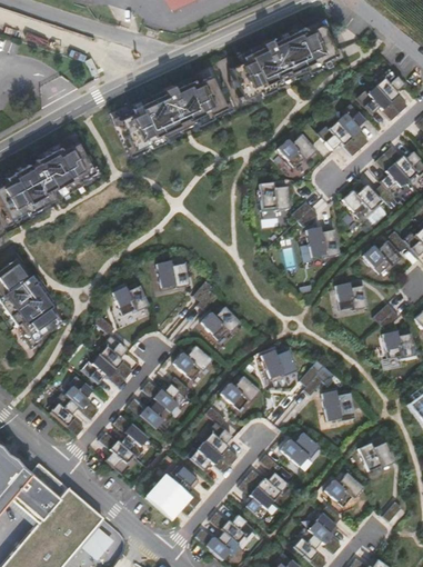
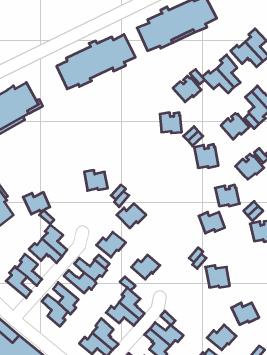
building: [112,286,149,316] -> [23,192,50,214]
building: [261,350,296,379] -> [199,212,225,233]
building: [281,432,320,467] -> none

